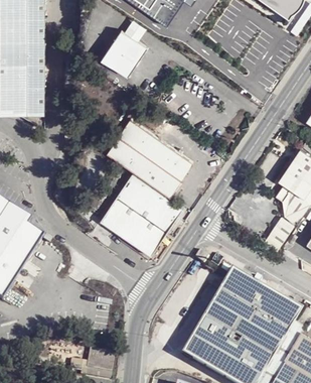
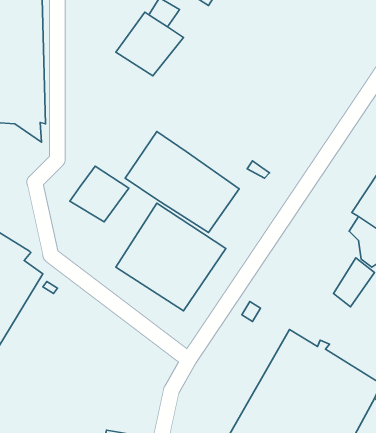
building: none -> [70,166,129,222]

